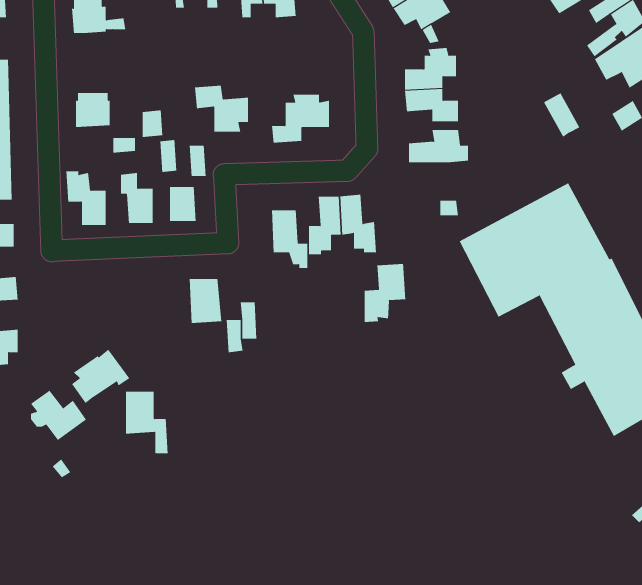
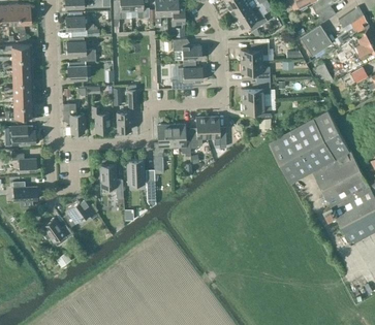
building: none -> [300,25,332,56]
building: none -> [66,38,95,62]
building: [194,85,249,132] -> [171,39,200,64]
building: none -> [243,99,276,118]
building: none -> [153,125,171,158]
building: [364,263,406,323] -> none
building: [125,391,168,454] -> [100,166,123,199]

